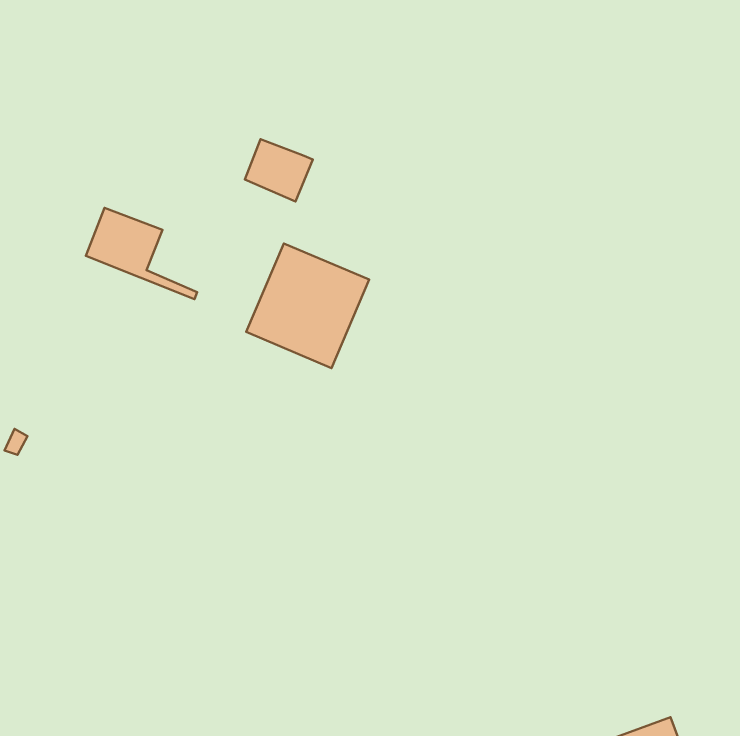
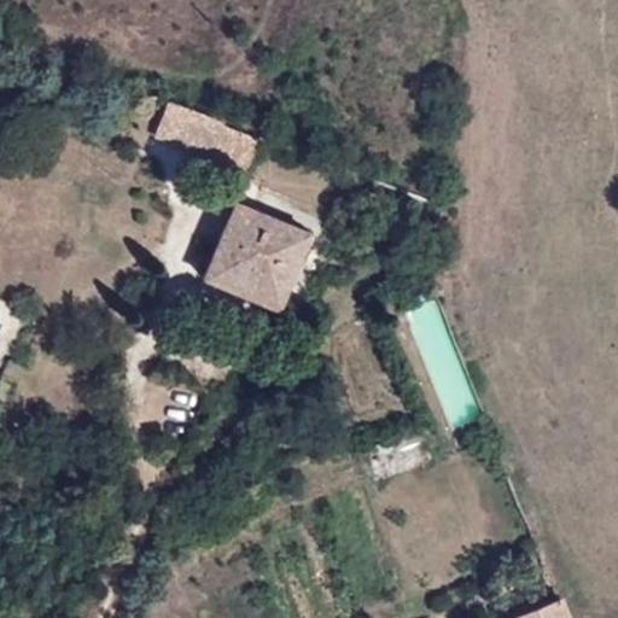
building: [86,208,197,299] -> [153,101,246,177]

